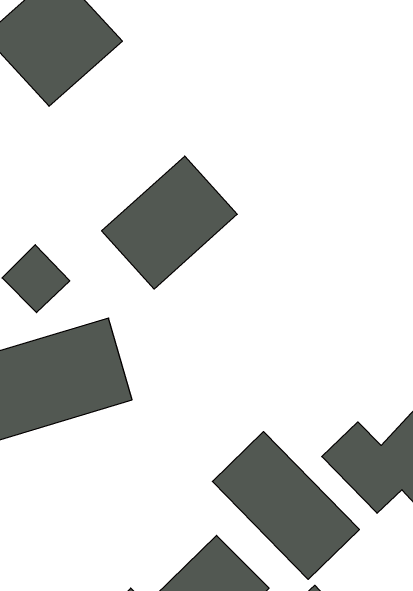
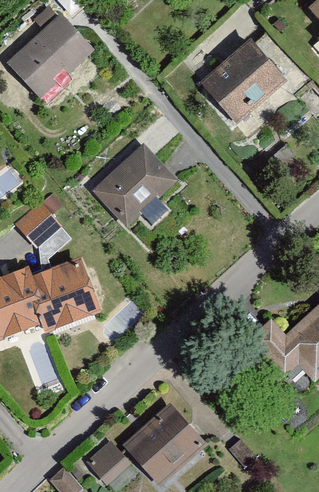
building: none -> [198,34,299,135]
building: [212,432,359,579] -> none

